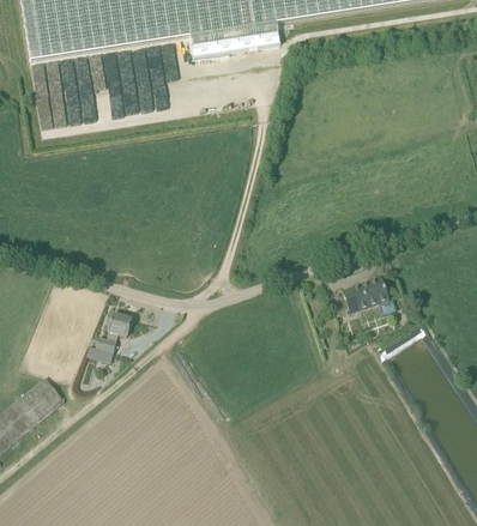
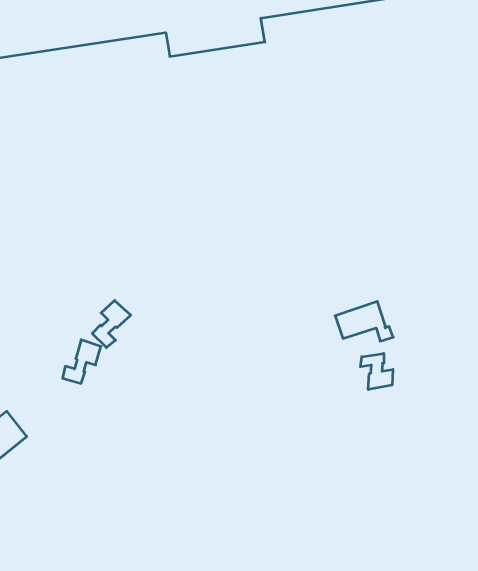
building: none -> [92,300,131,348]
building: none -> [360,353,393,390]

